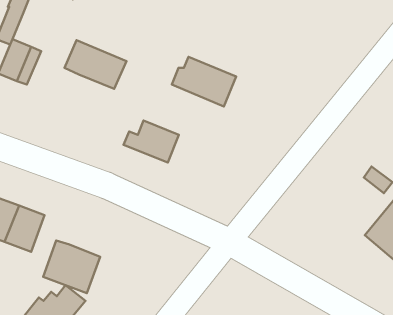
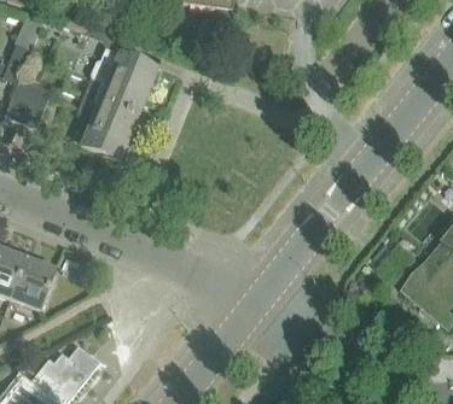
building: [172,57,236,107] -> [87,46,157,100]
building: [123,121,179,163] -> [70,115,130,160]
building: [43,240,100,293] -> none

